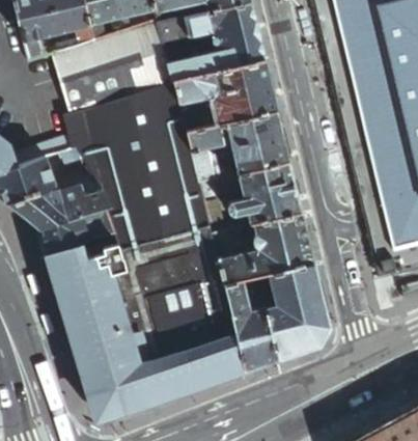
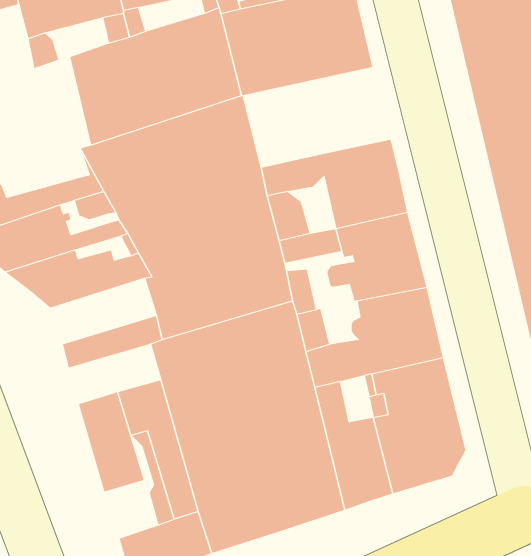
building: [174,61,277,131] -> none
building: [40,208,114,253] -> none
building: [53,253,117,295] -> none
building: [78,316,115,388] -> none

